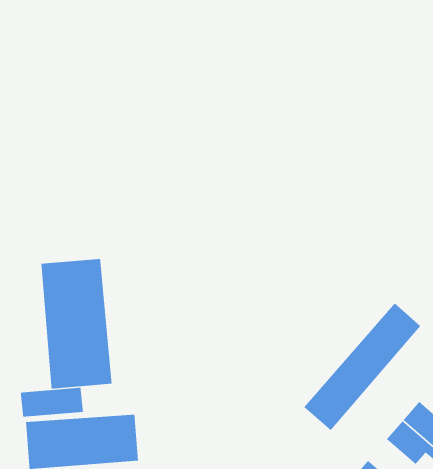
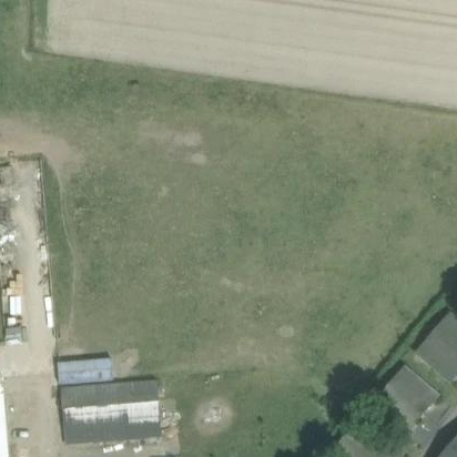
building: [41,258,113,389] -> none
building: [303,303,421,431] -> none

